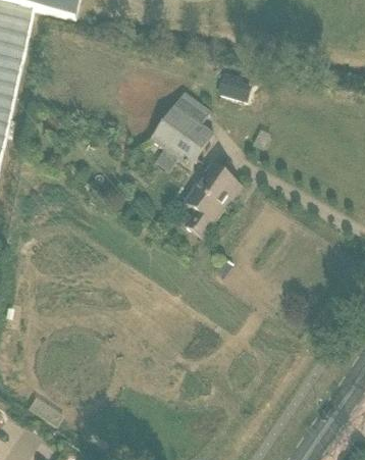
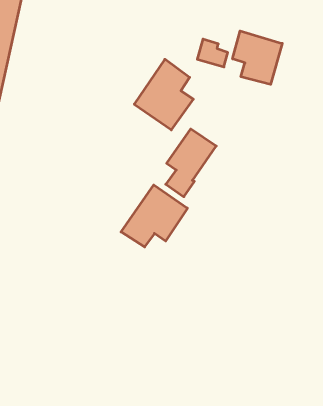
building: none -> [233,31,282,84]
building: none -> [121,185,187,247]

